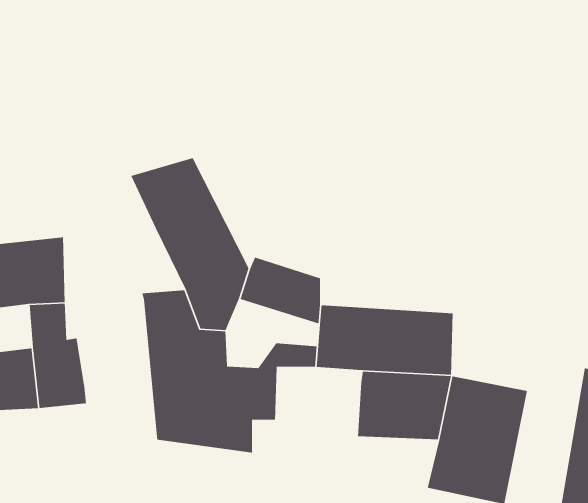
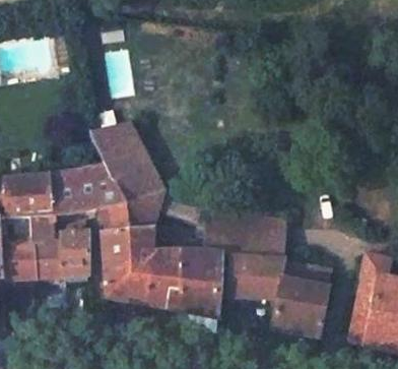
building: none -> [50,168,124,213]
building: none -> [57,221,88,265]
building: none -> [165,253,233,328]

